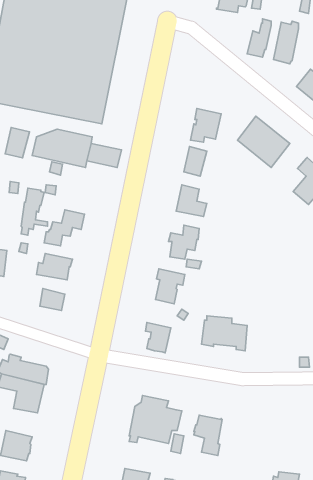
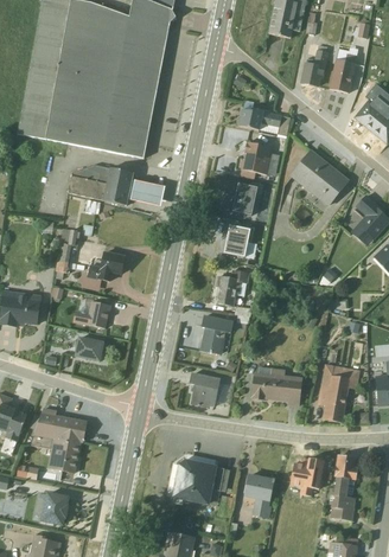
building: none -> [238,100,291,137]
building: [5,127,30,158] -> none
building: none -> [318,363,359,422]
building: none -> [329,455,357,520]
building: none -> [289,457,324,495]

